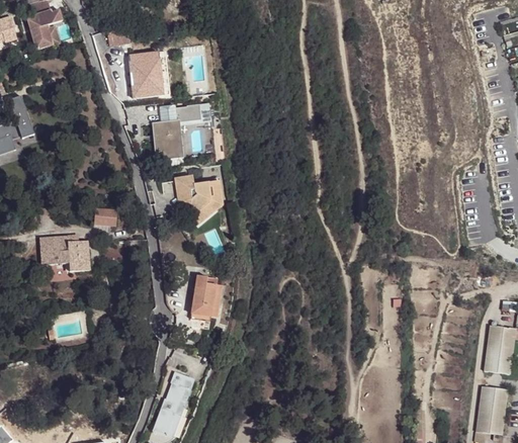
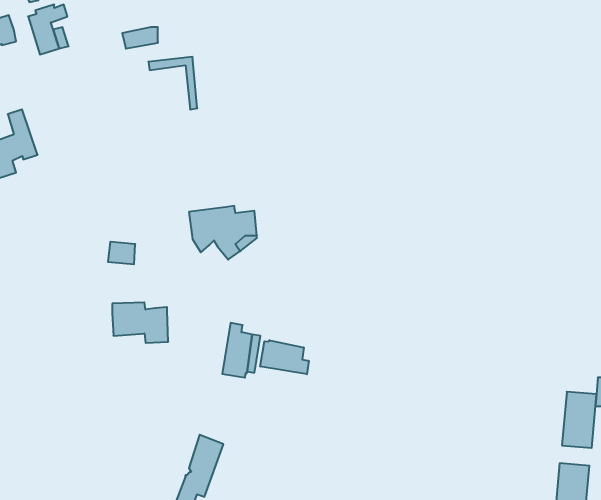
building: [130,57,164,97] -> none
building: [156,102,210,159] -> none
building: [40,236,88,270] -> [112,302,168,343]
building: none -> [260,340,309,374]

